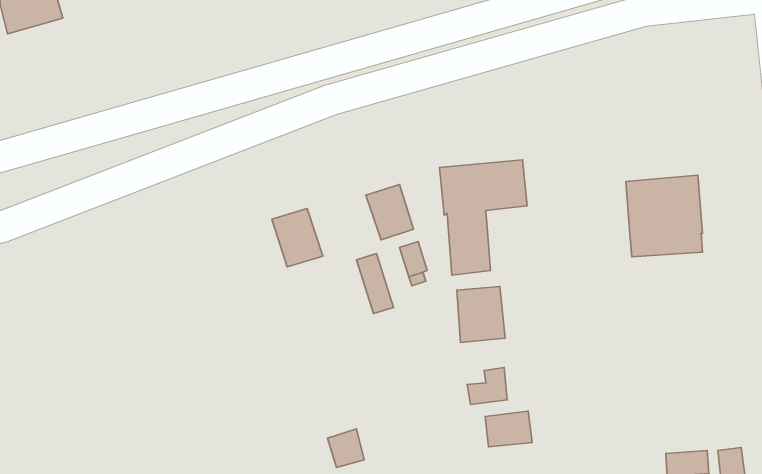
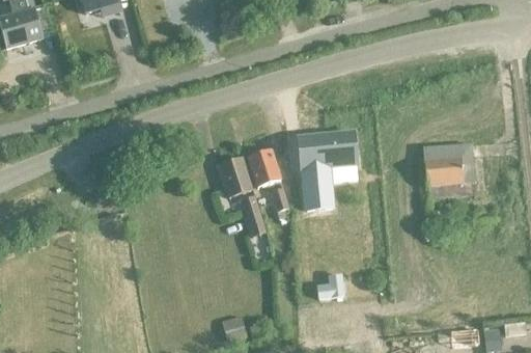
building: [272,208,323,267] -> [219,157,253,196]
building: [457,287,505,343] -> none
building: [485,411,532,447] -> none

